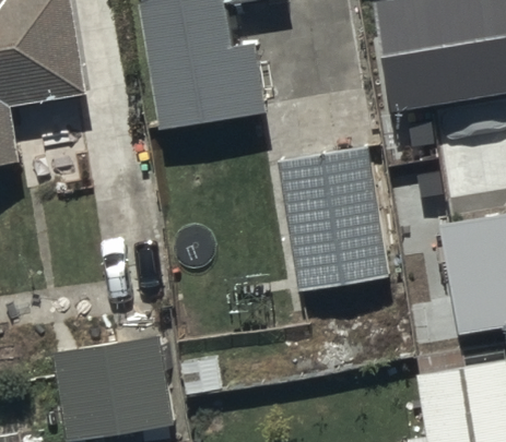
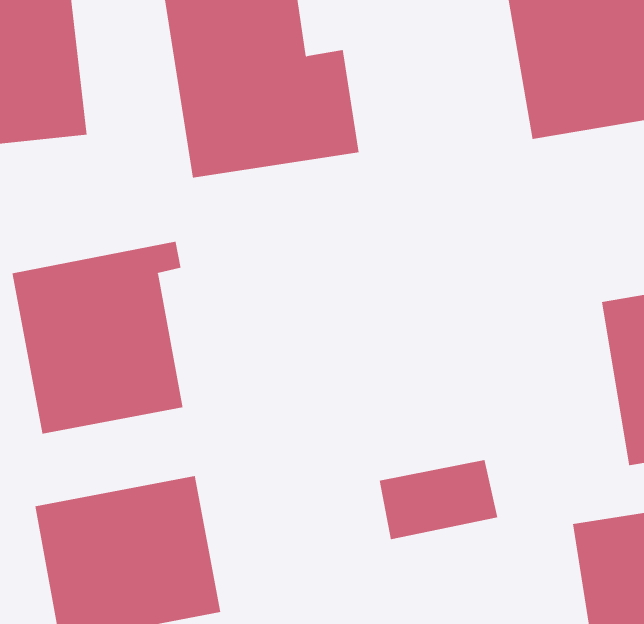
building: [274,135,392,298] -> none
building: none -> [12,241,183,434]

